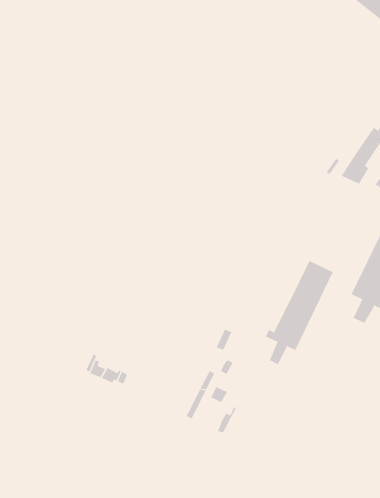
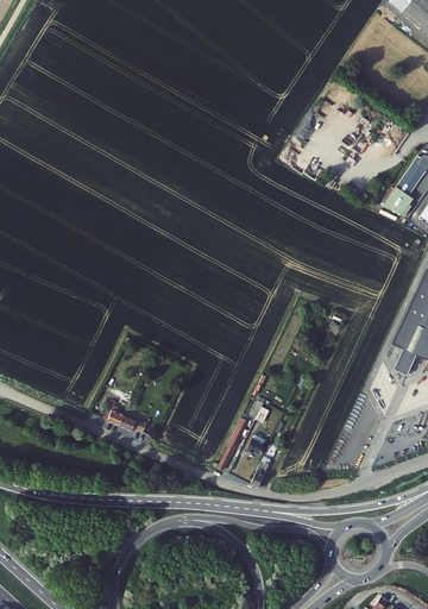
building: [265,260,333,365] -> none

